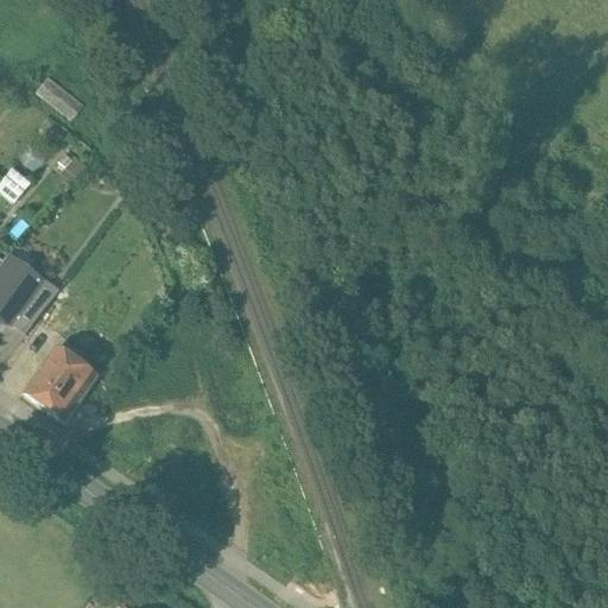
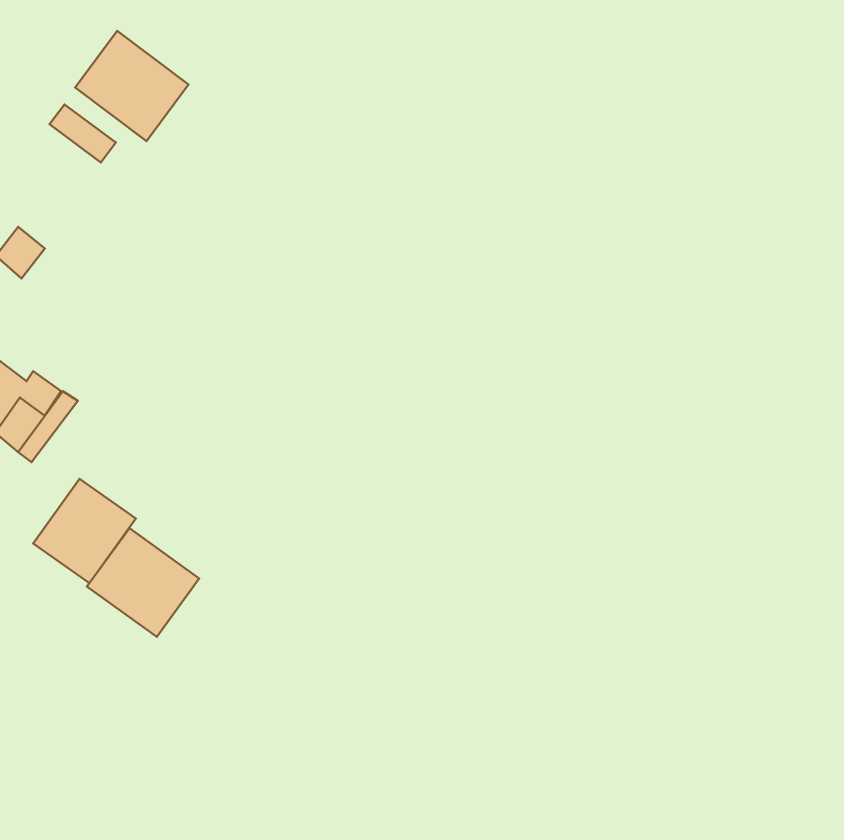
building: none -> [75,31,188,141]
building: none -> [87,528,199,637]

